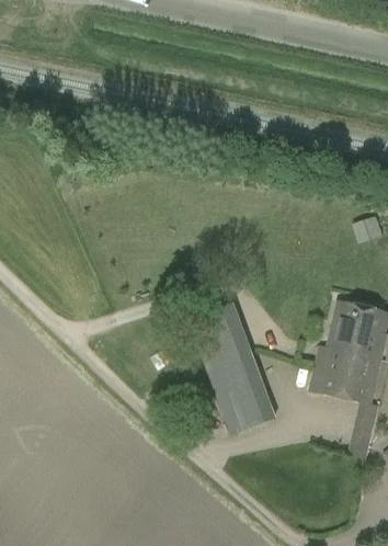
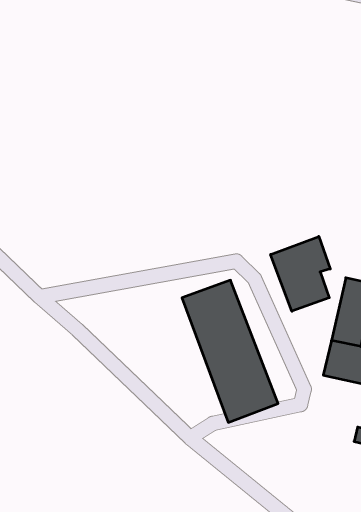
building: none -> [271,236,330,311]

